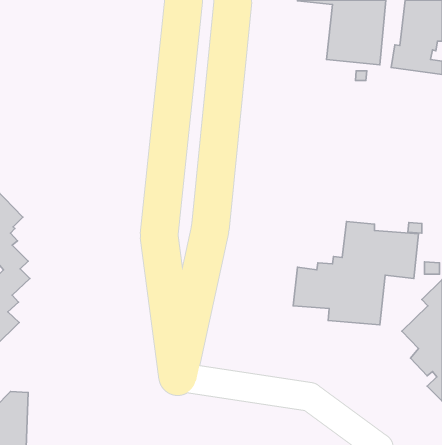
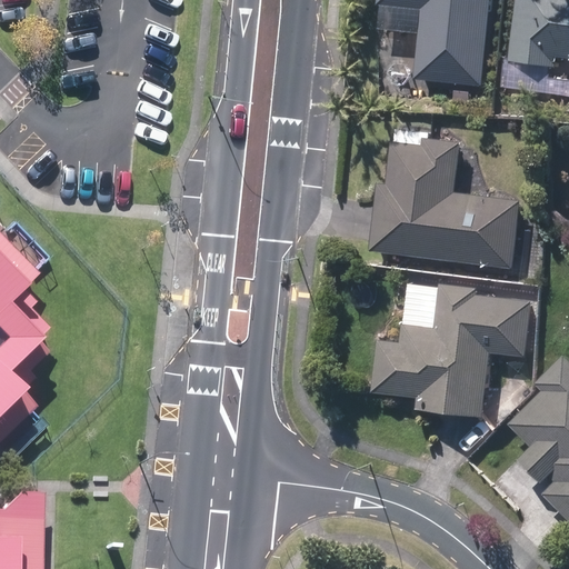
building: none -> [369,128,520,268]

